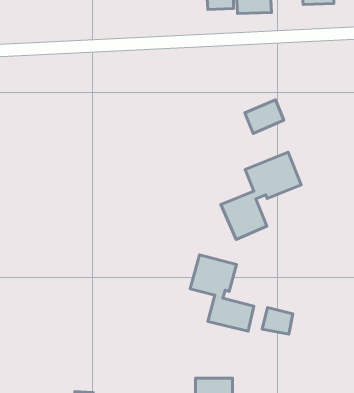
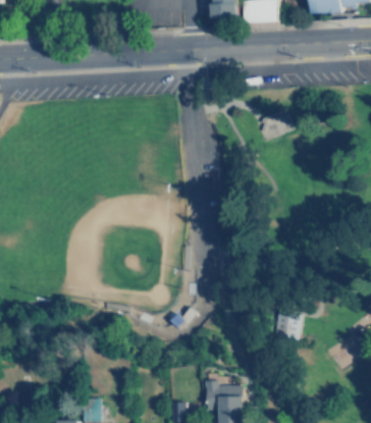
building: [221,152,301,240] -> none
building: [190,255,254,331] -> none

